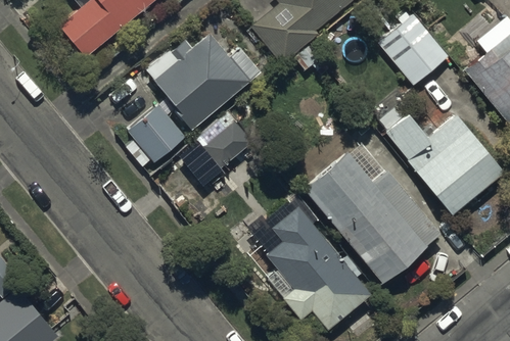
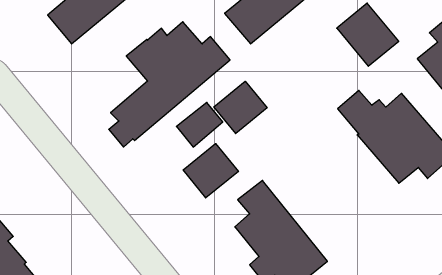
building: none -> [214,81,267,134]
building: [307,153,446,285] -> none
building: none -> [183,144,238,198]

